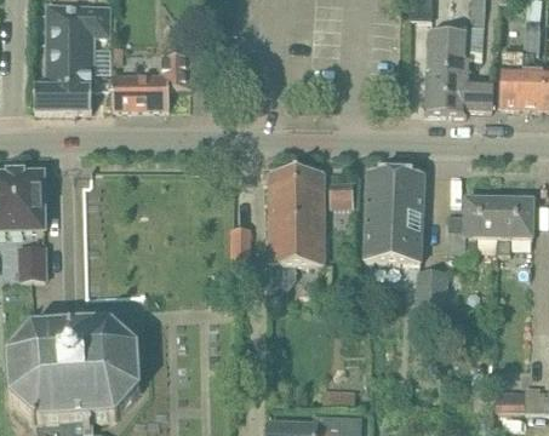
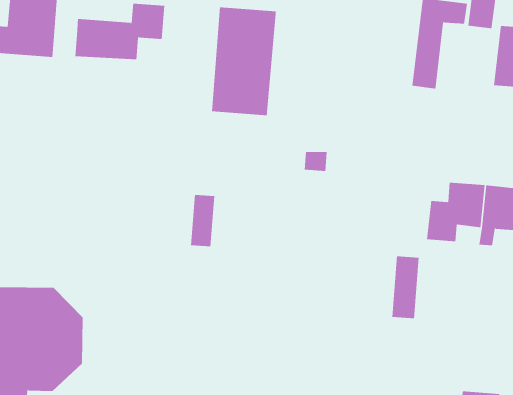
building: [447,51,494,113] -> none
building: [270,167,324,264] -> [211,7,277,116]
building: [364,170,424,258] -> none

